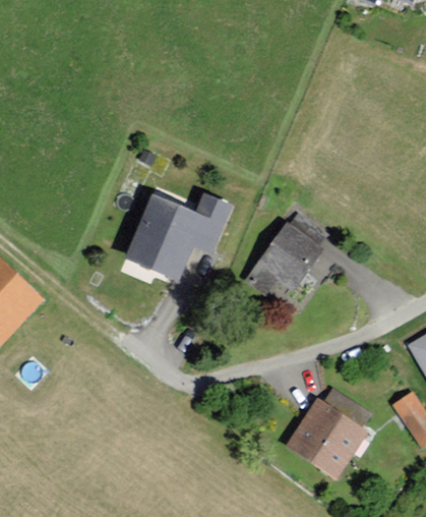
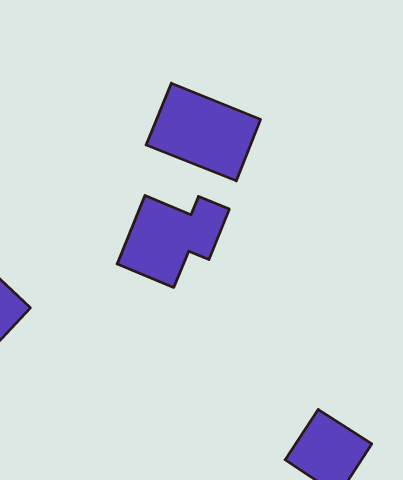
building: none -> [146,83,260,181]
building: [246,219,325,295] -> none

